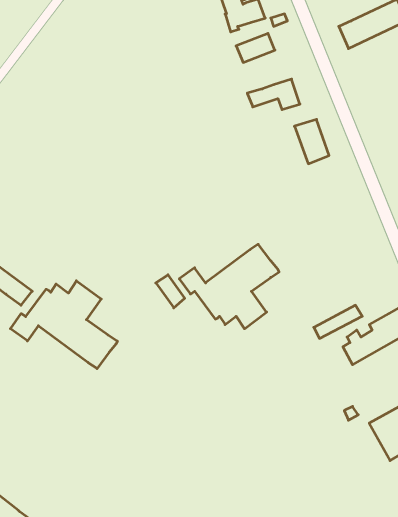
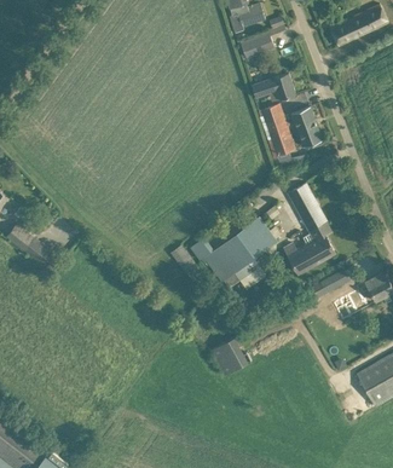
building: none -> [258,104,294,167]
building: none -> [284,184,334,273]
building: [10,281,117,369] -> none
building: none -> [210,336,252,376]

